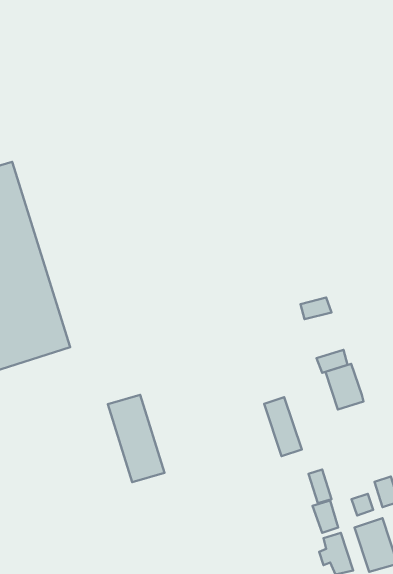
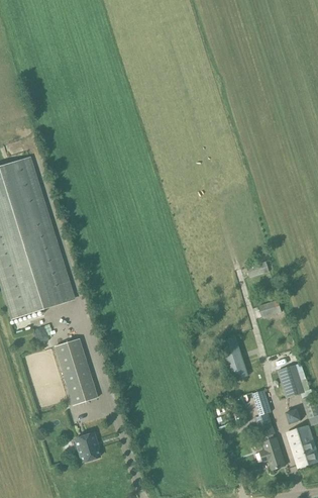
building: [326,364,363,409] -> [278,363,306,397]
building: [108,395,164,482] -> [56,338,98,404]
building: none -> [74,432,100,461]

